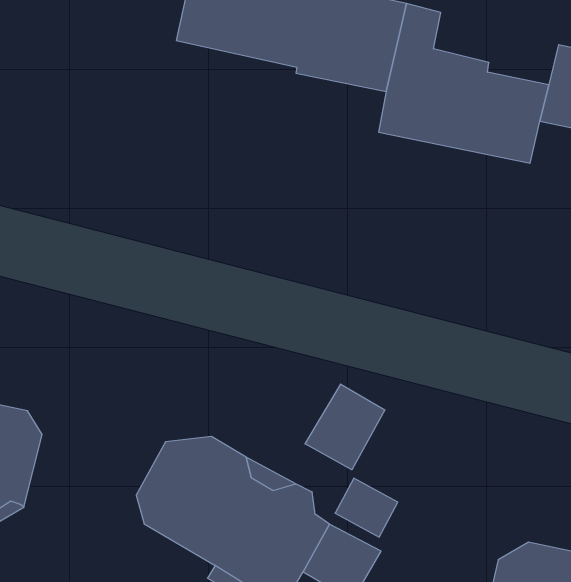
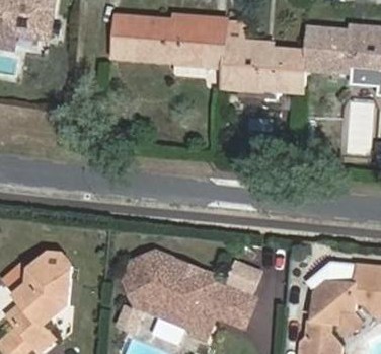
building: [305,384,385,470] -> none

